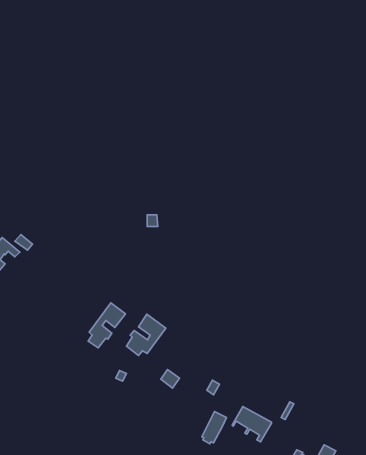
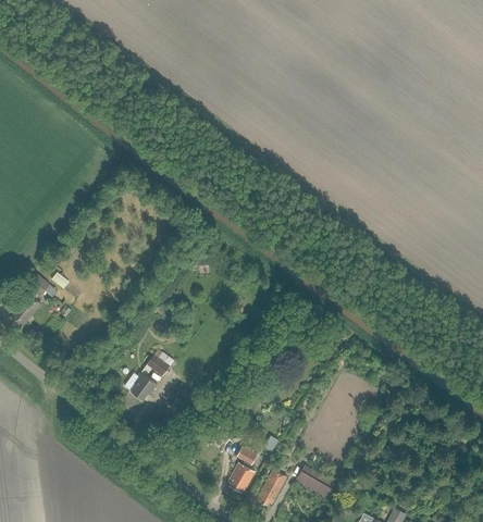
building: [126,314,166,355] -> none
building: none -> [230,446,257,490]

